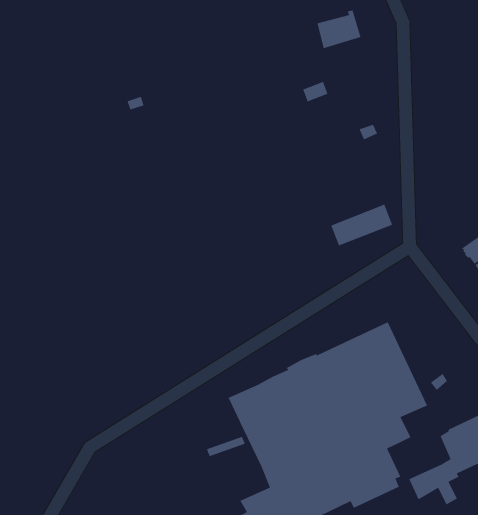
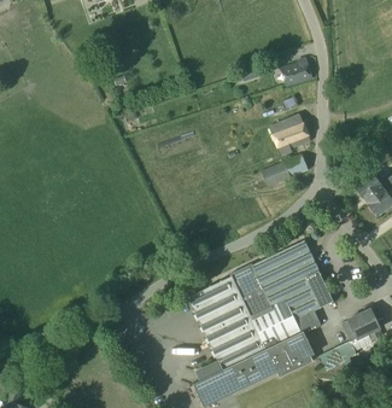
building: [317,9,361,49] -> [281,58,314,87]
building: none -> [270,113,310,155]

